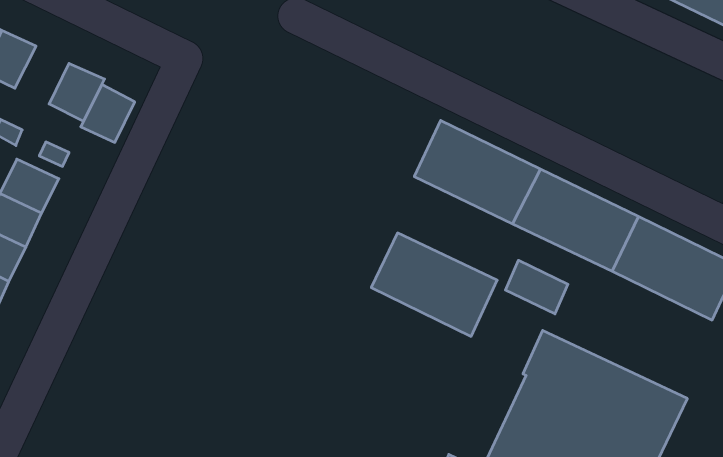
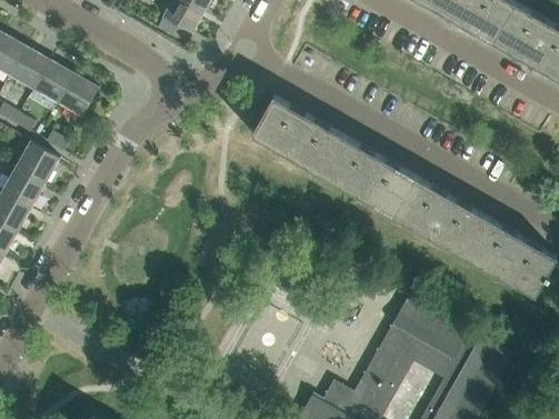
building: [81,85,135,142] -> [30,60,71,103]
building: [371,233,497,336] -> [249,96,342,176]
building: [505,260,568,314] -> none

